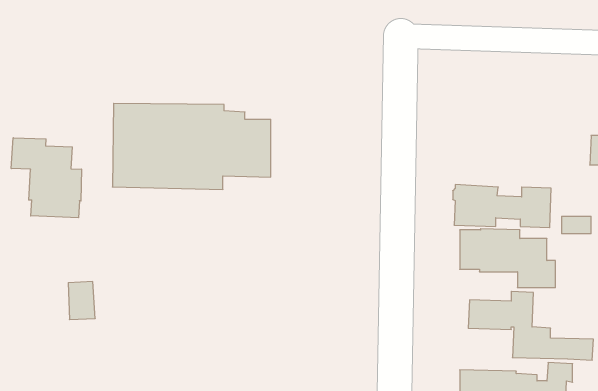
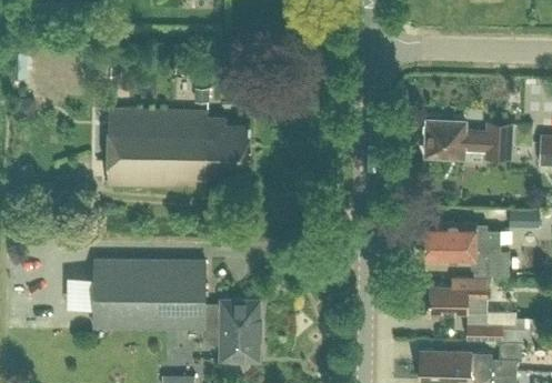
building: [11,138,81,218] -> none
building: [453,185,551,228] -> [424,120,513,159]
building: none -> [94,260,261,362]

